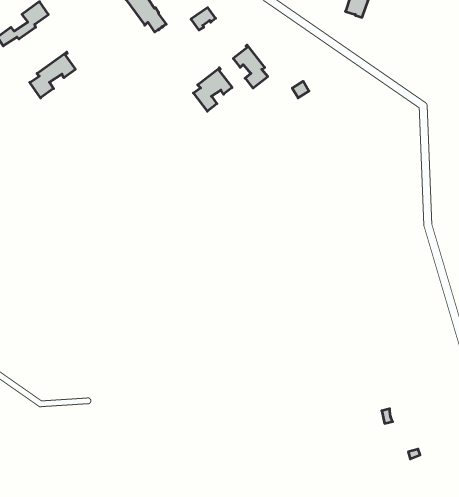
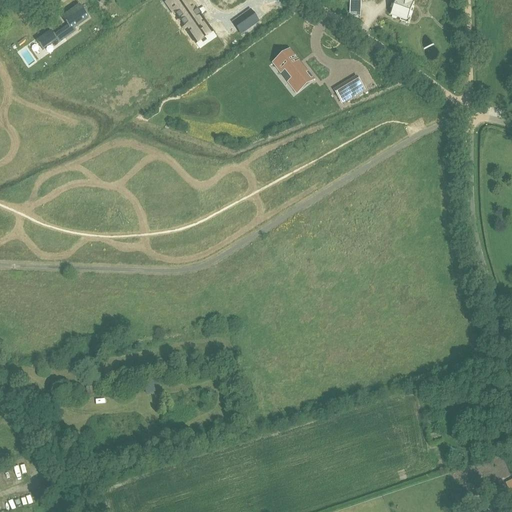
building: [30,52,75,98] -> none
building: [193,68,232,111] -> none

